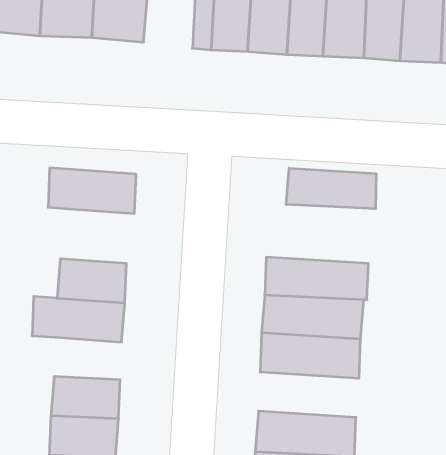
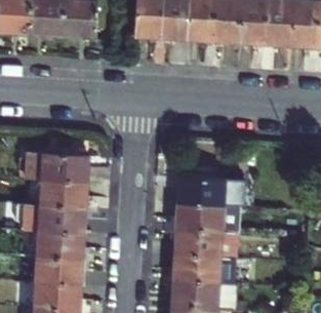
building: [48,168,136,213] -> [29,150,86,180]
building: [286,168,376,209] -> none
building: none -> [38,228,82,256]
building: none -> [171,250,237,280]

